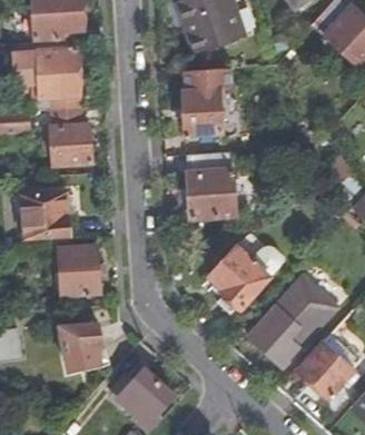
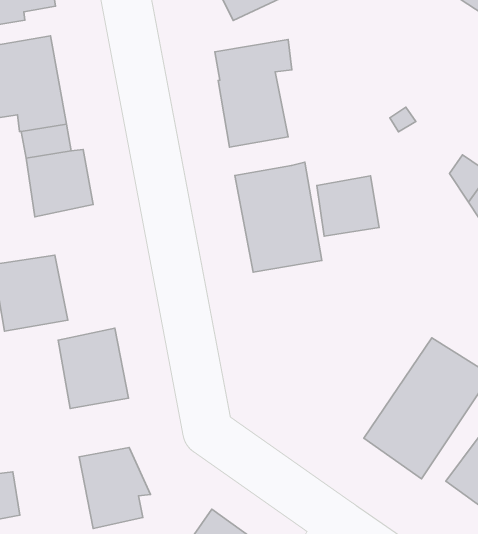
building: none -> [317,176,379,236]
building: [208,246,269,308] -> none

